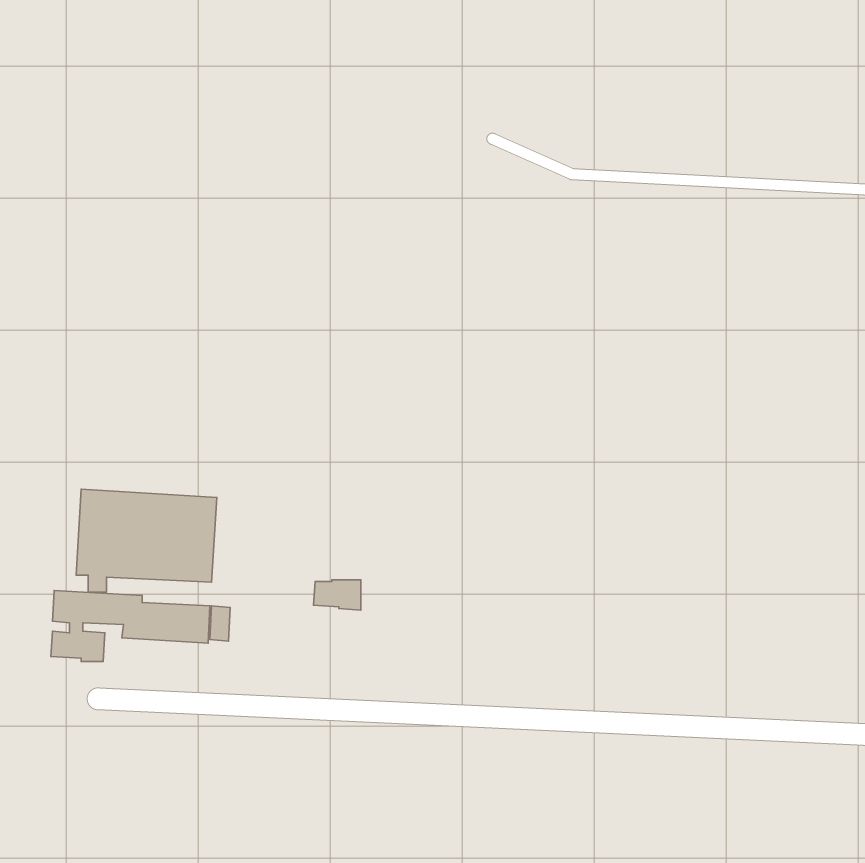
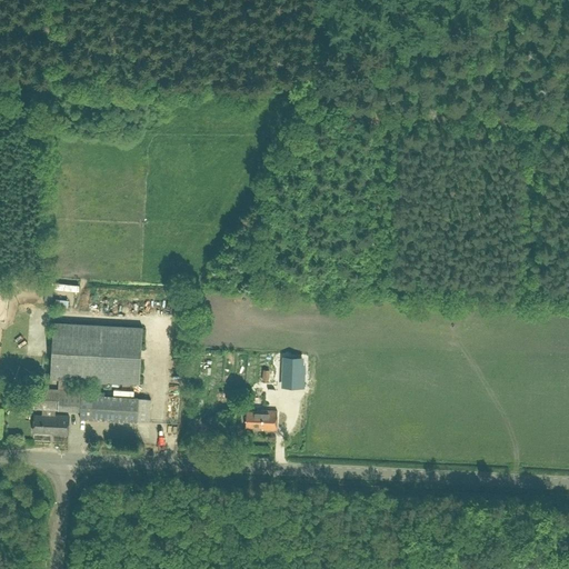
building: none -> [282,358,301,388]
building: [313,580,361,610] -> [246,411,277,431]

